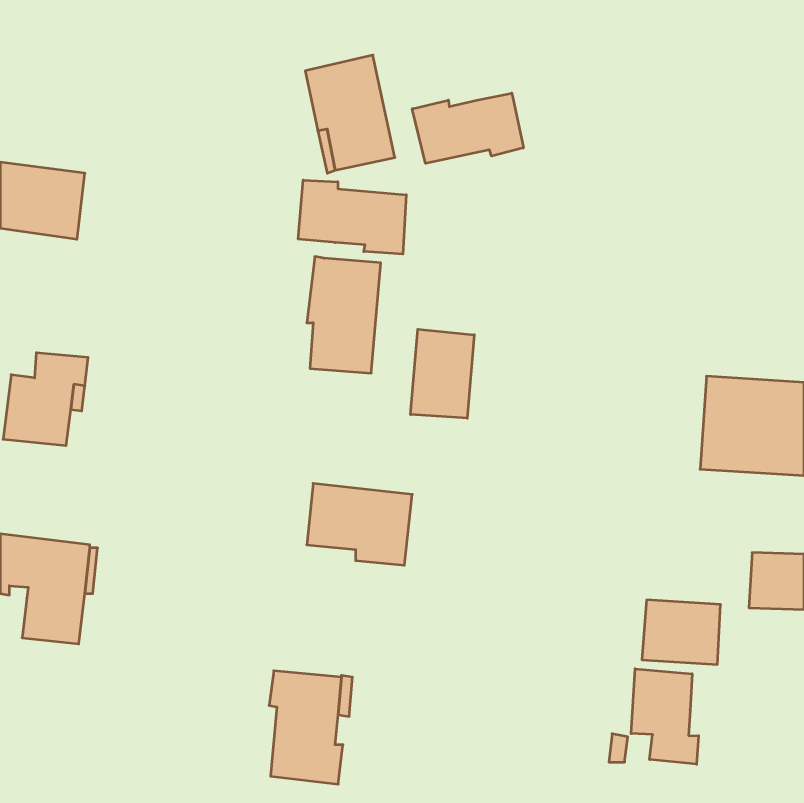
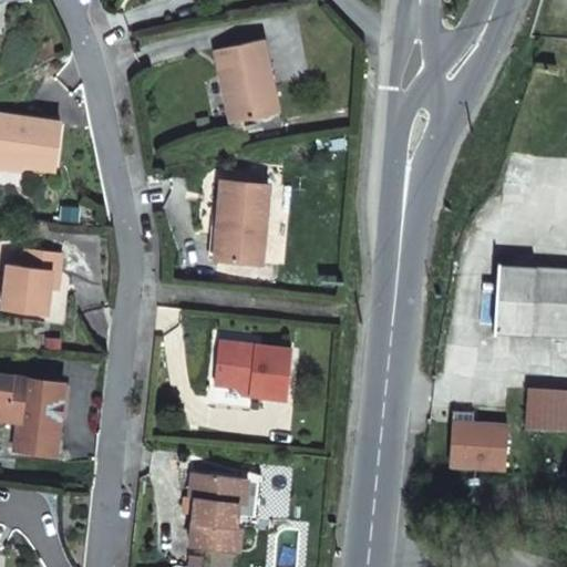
building: [412,93,523,163] -> none
building: [298,180,406,254] -> none
building: [411,329,474,418] -> none
building: [631,669,699,764] -> none

